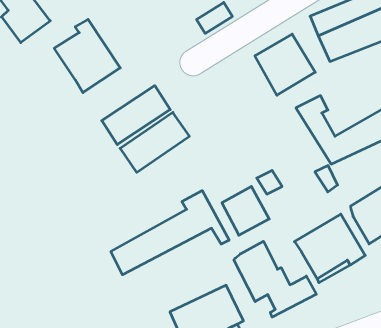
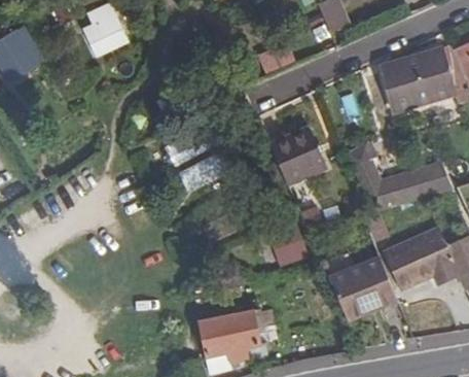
building: [54,19,120,93] -> none
building: [255,34,315,95] -> [273,127,327,182]
building: [111,191,229,275] -> none
building: [234,241,316,317] -> none

